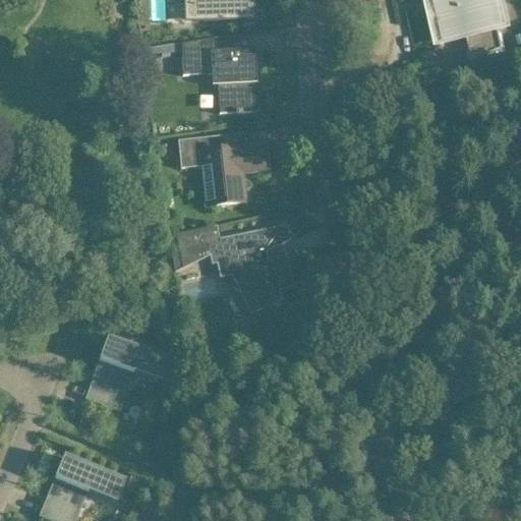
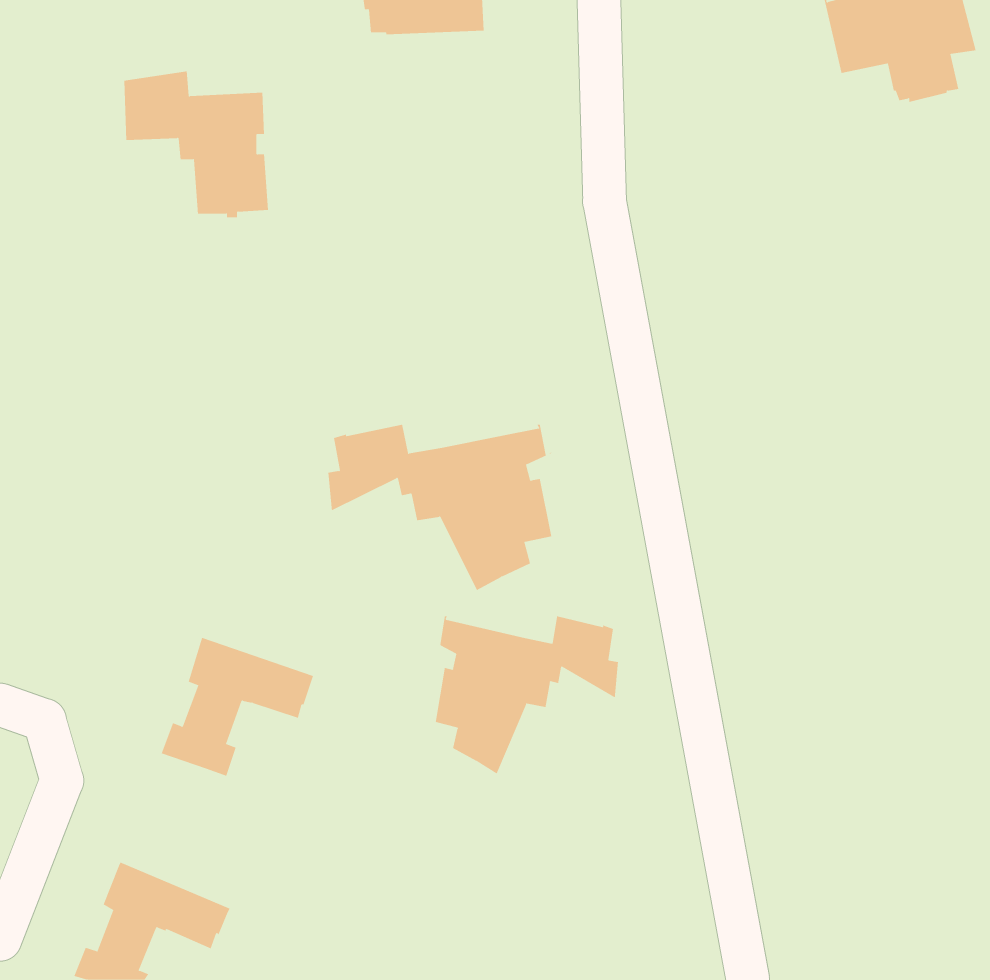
building: [181,35,257,112] -> [124,71,269,218]
building: [177,132,268,202] -> none
building: none -> [435,615,618,774]

